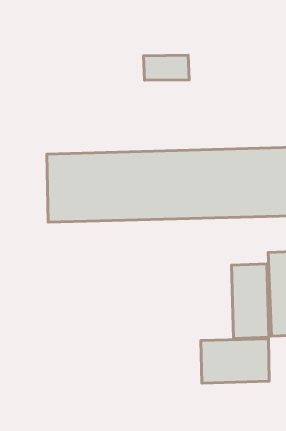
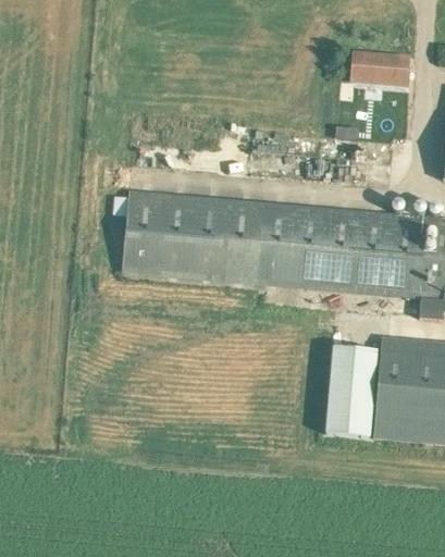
building: [144,55,189,80] -> [351,53,407,88]
building: [201,339,269,383] -> none

